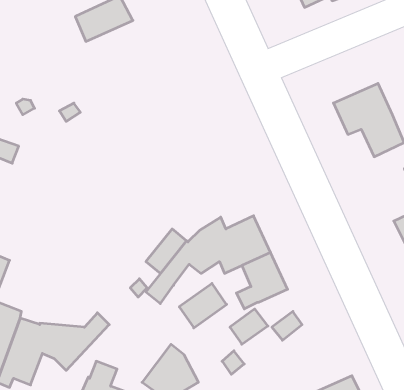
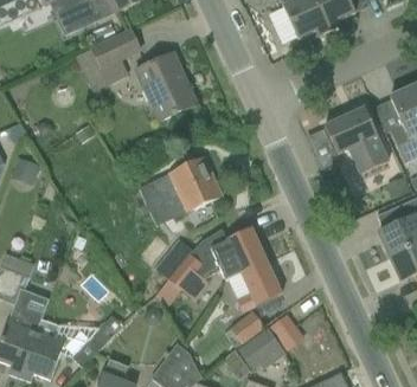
building: none -> [136,52,195,120]
building: none -> [150,156,220,212]
building: [179,283,227,328] -> [238,327,281,367]

